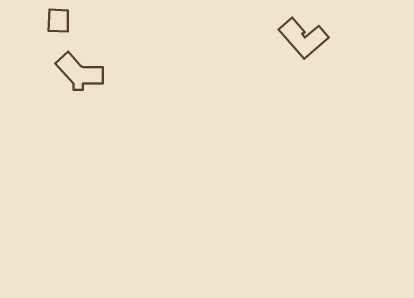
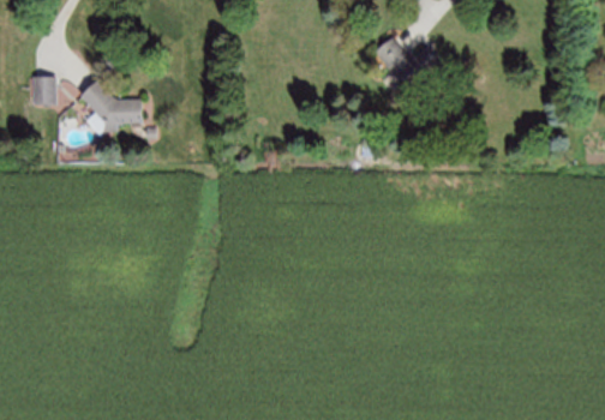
building: [48,10,68,32] -> [31,76,56,104]

